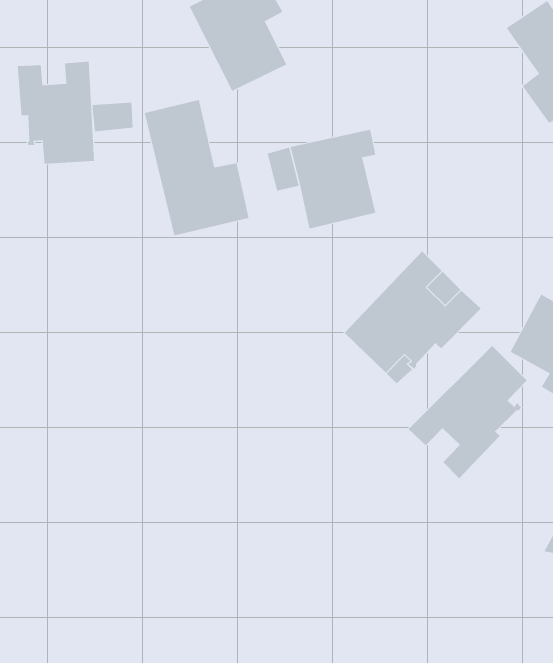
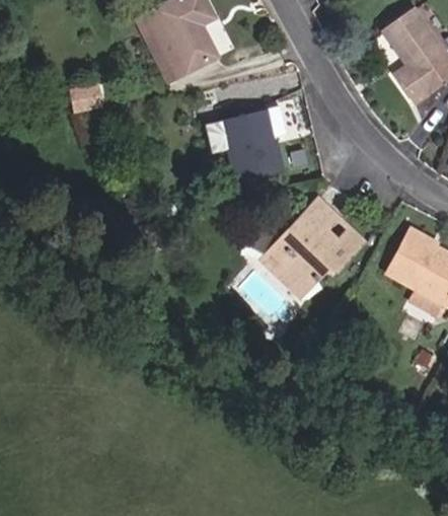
building: [17,61,95,165] -> none
building: [144,99,249,236] -> none
building: [408,345,528,479] -> none

